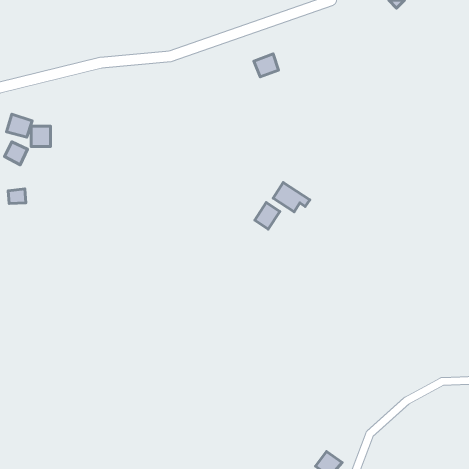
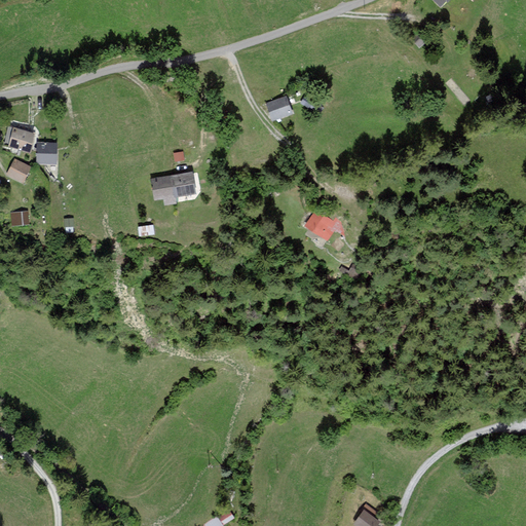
building: [254,54,279,77] -> [265,95,293,120]
building: none -> [151,165,197,199]
building: [255,203,280,229] -> none

